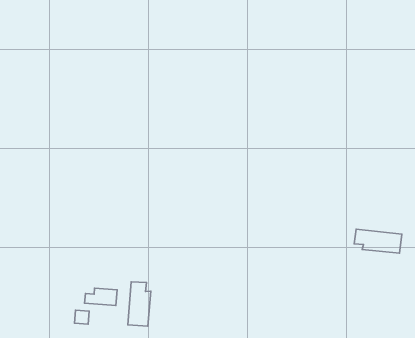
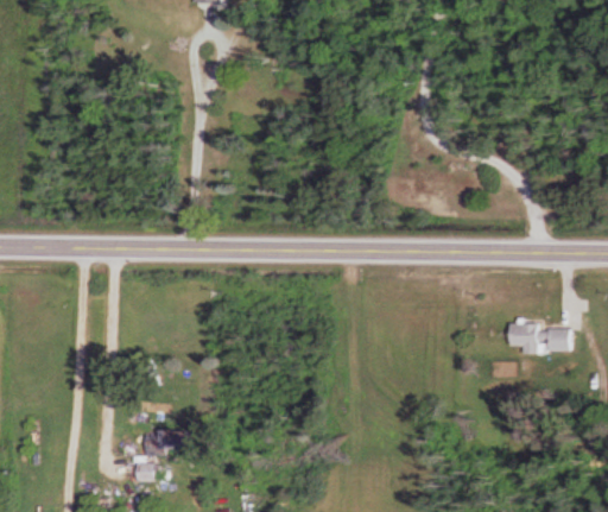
building: [128,282,151,326] -> none

